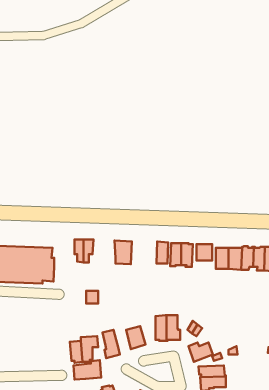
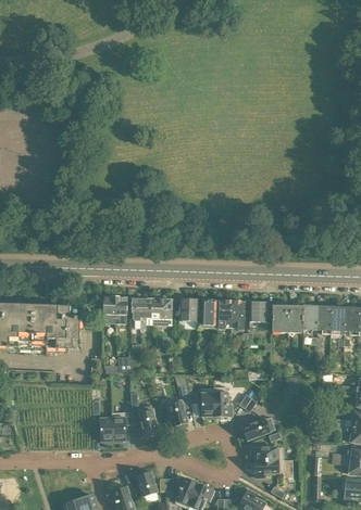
building: none -> [129,296,152,328]
building: none -> [178,298,198,324]
building: [73,360,101,380] -> none

